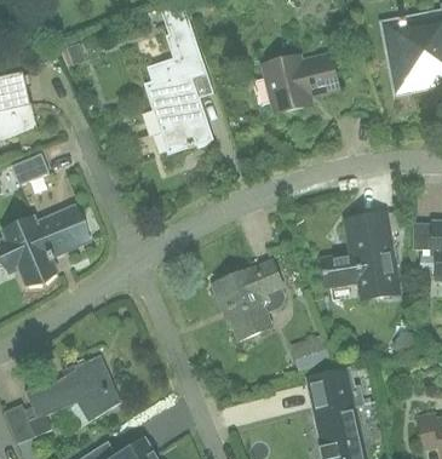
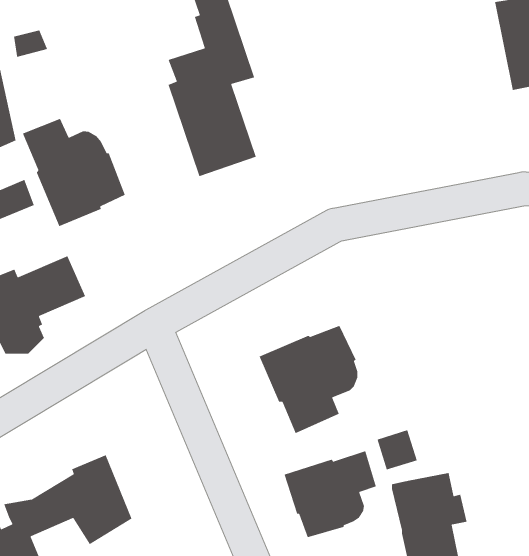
building: [262,52,337,114] -> none
building: none -> [22,118,126,227]
building: [320,212,398,299] -> none
building: none -> [284,450,377,538]

